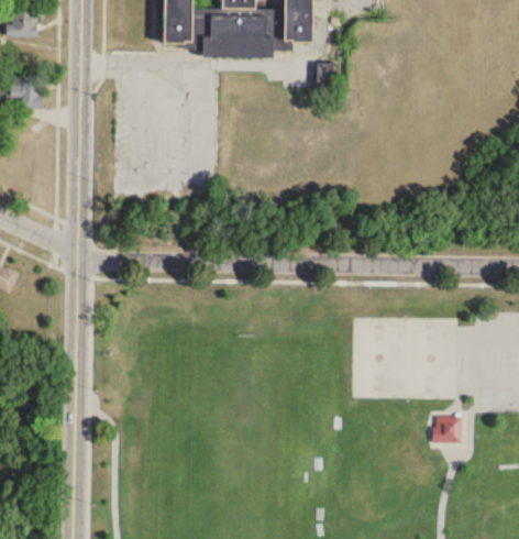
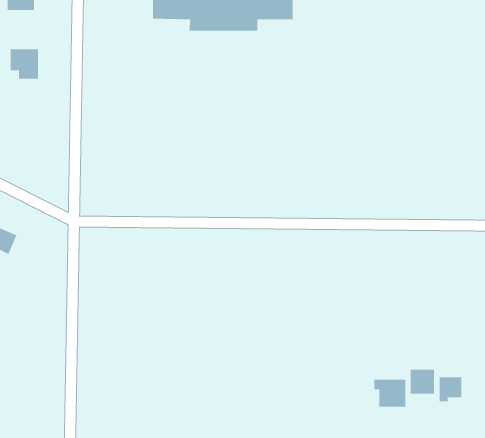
building: none -> [439,376,462,402]
building: none -> [374,379,406,408]

